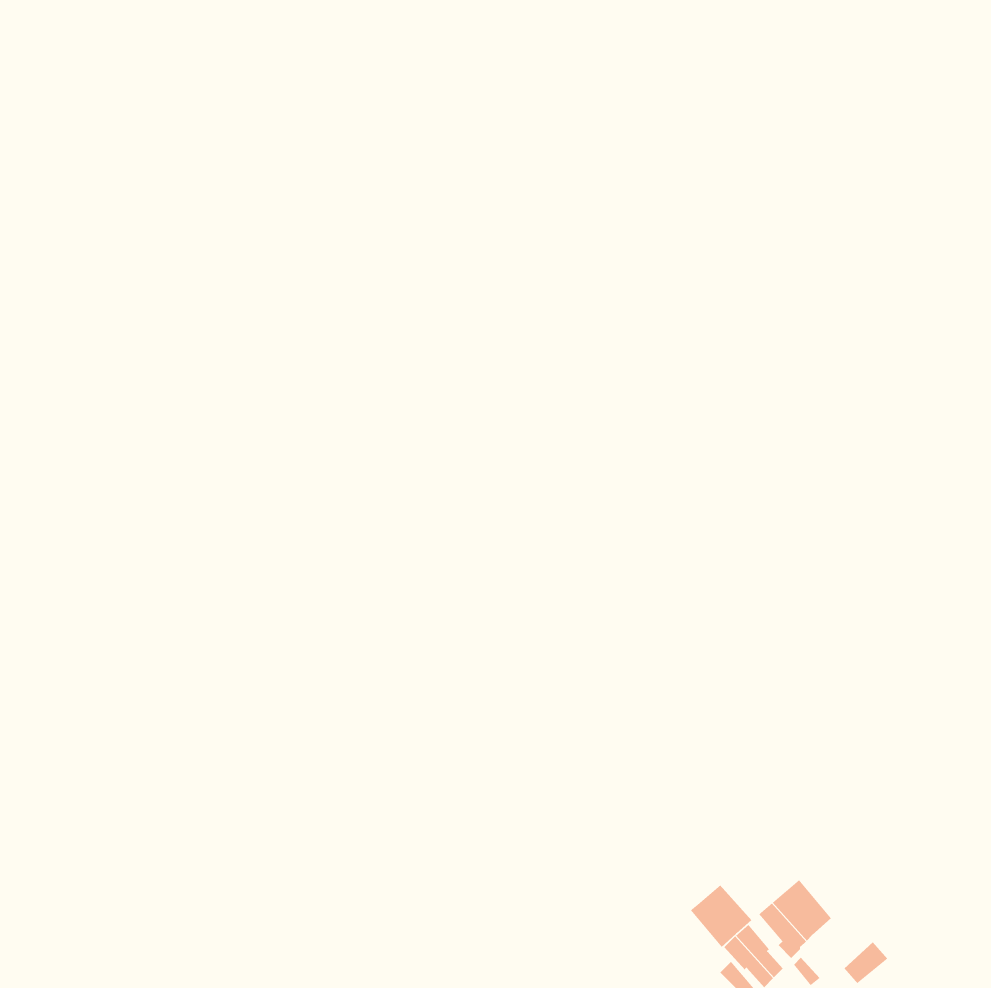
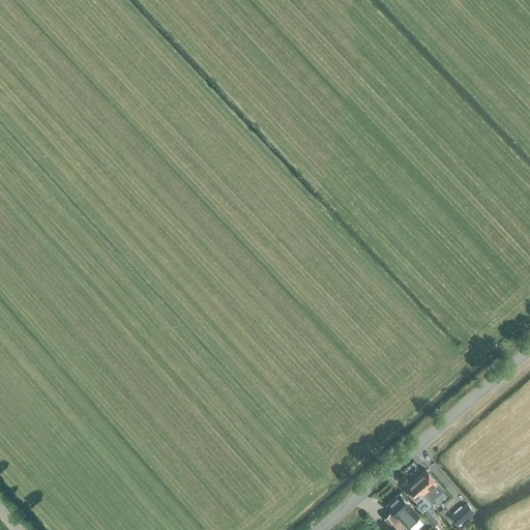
building: [690,885,752,948] -> none

